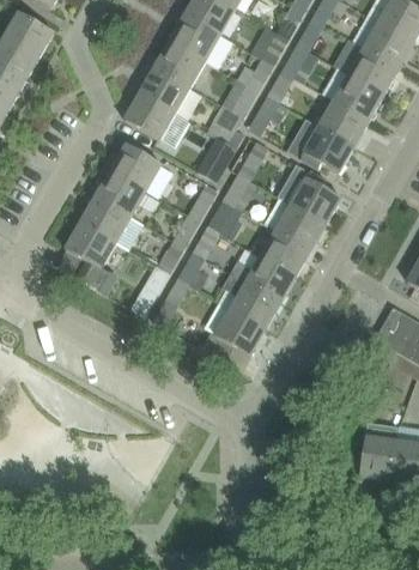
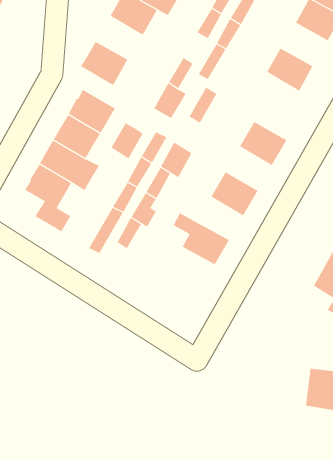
building: [140,66,190,111] -> none
building: [322,66,384,119] -> none
building: [220,77,259,116] -> none
building: [300,125,354,171] -> none
building: [223,171,257,210] -> [110,122,144,159]
building: [265,196,326,249] -> none
building: [229,255,296,301] -> none
building: [201,308,266,360] -> none

